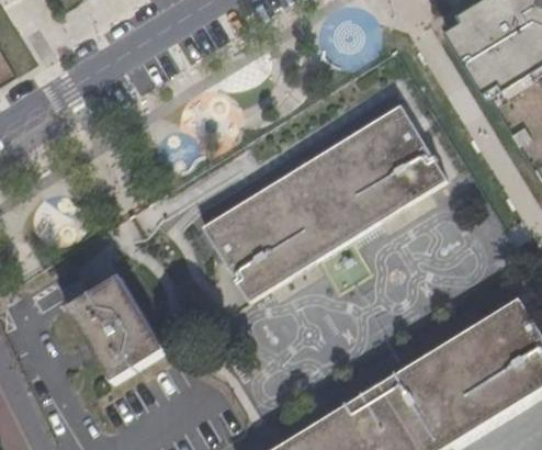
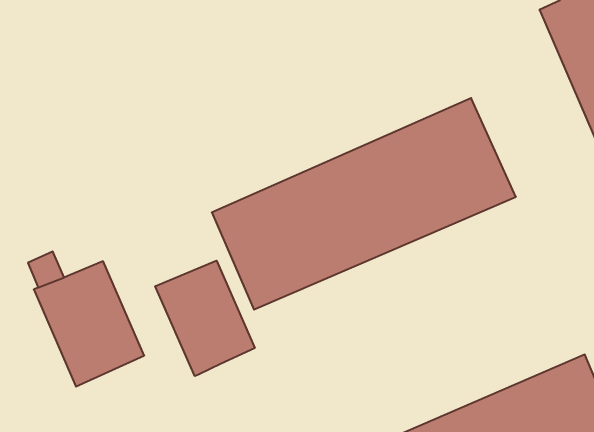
building: none -> [155,261,255,376]

